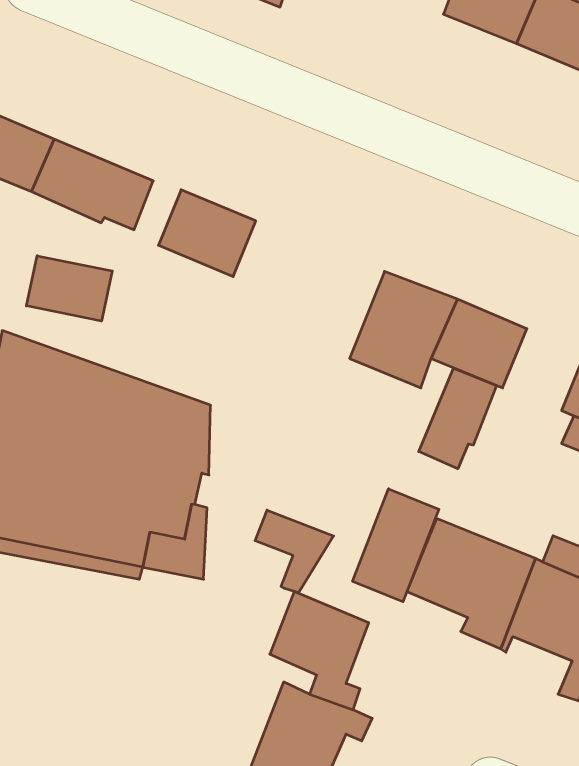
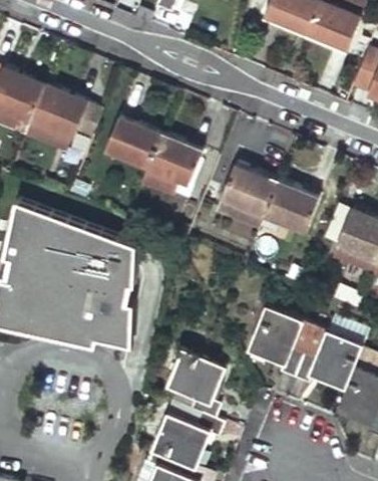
building: none -> [143,137,201,200]
building: [26,256,112,321] -> none
building: [419,368,496,469] -> none
building: [353,489,439,602] -> none
building: [255,510,334,593] -> none

